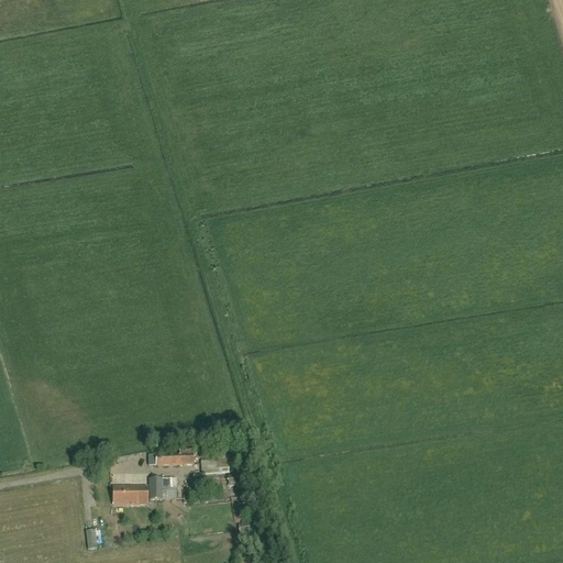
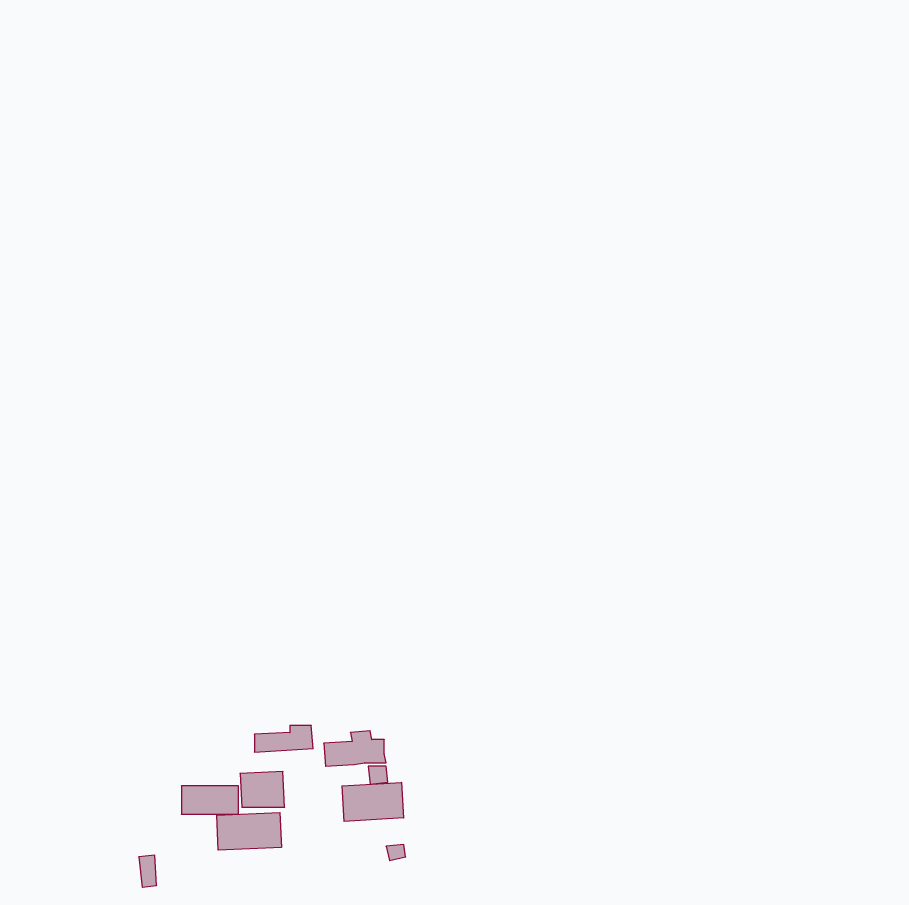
building: none -> [342,782,404,821]
building: none -> [217,813,281,850]

